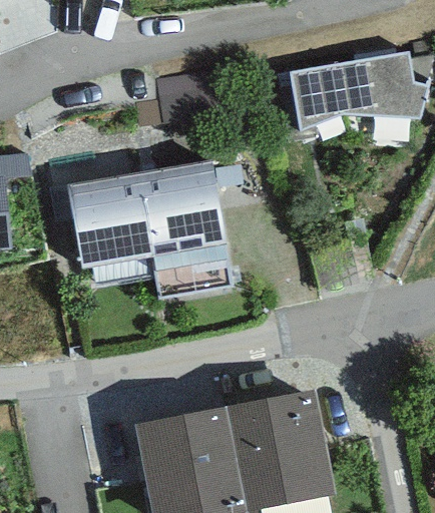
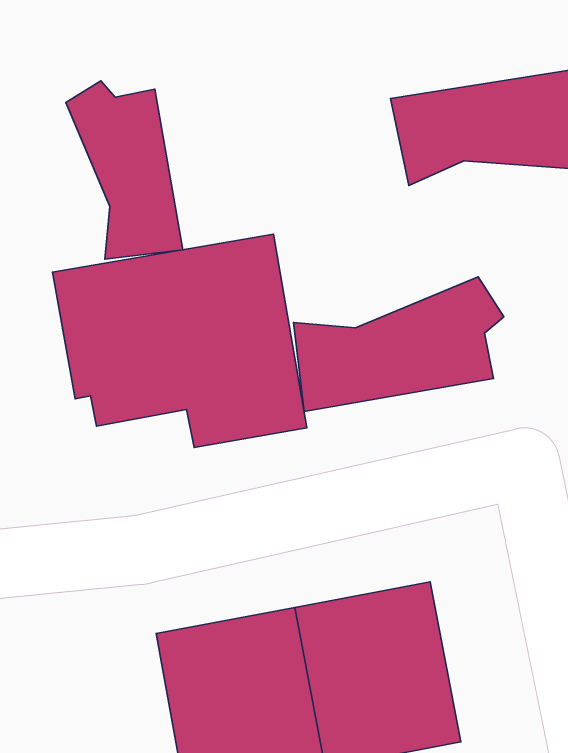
building: none -> [66,81,183,259]
building: none -> [293,277,504,411]

